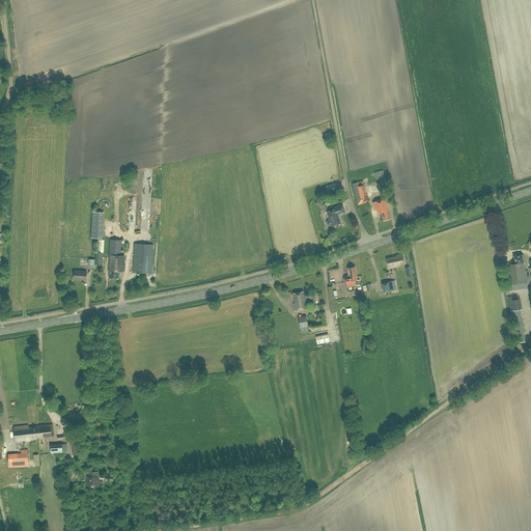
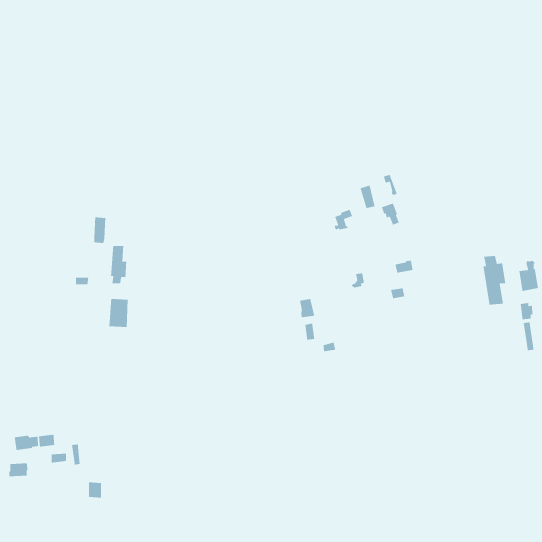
building: [133,244,152,273] -> [108,298,129,328]
building: none -> [483,255,506,306]

